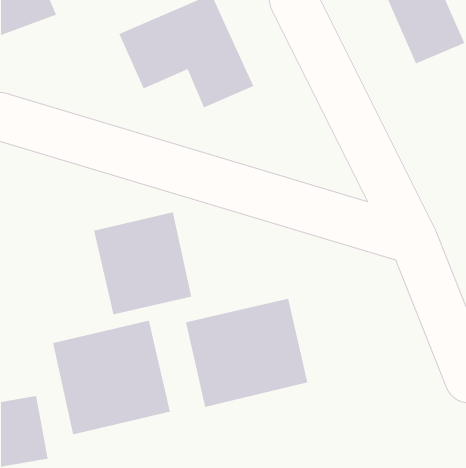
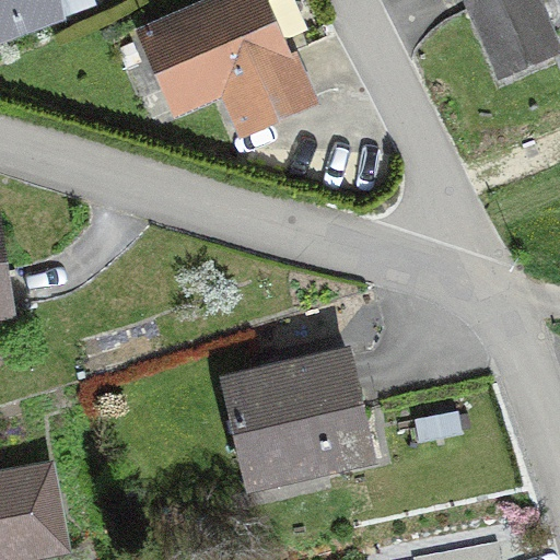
building: [94,212,192,315] -> none
building: [52,320,171,435] -> none

